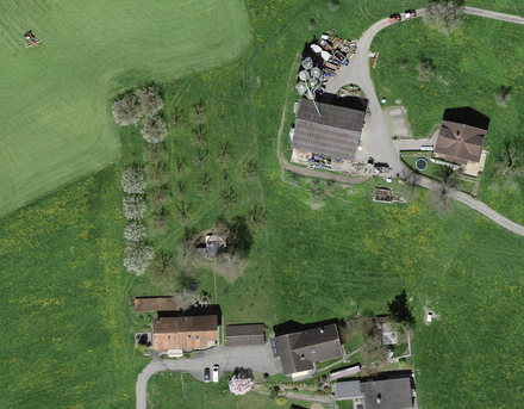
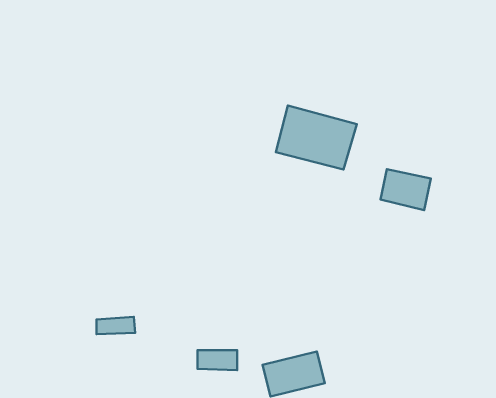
building: [438,122,484,159] -> [380,169,431,210]
building: [155,317,211,343] -> none

